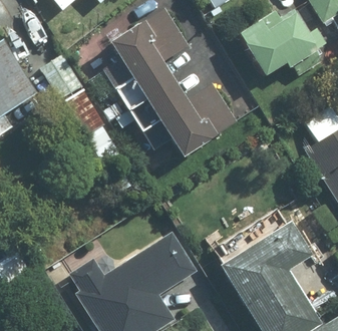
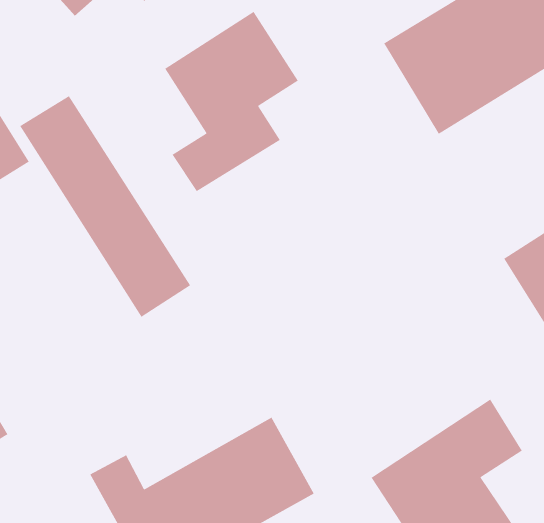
building: [130,81,237,156] -> none

